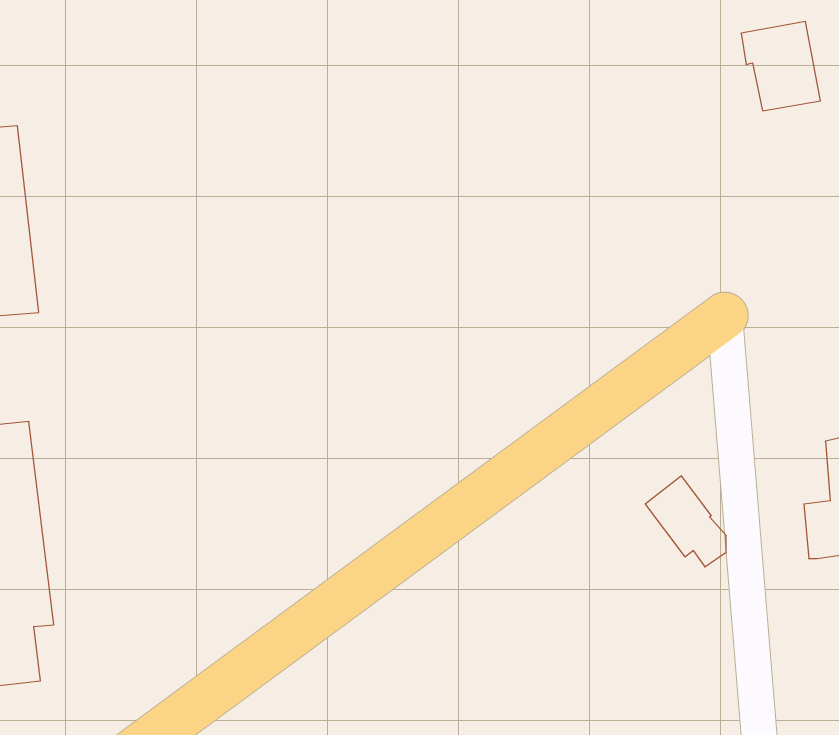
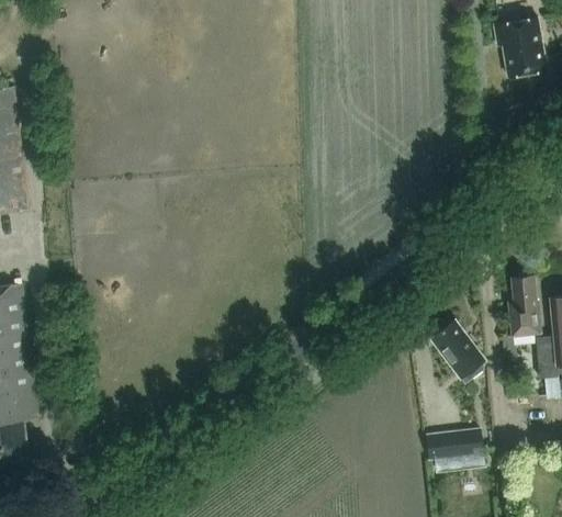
building: none -> [508,276,541,336]
building: none -> [427,428,483,458]

